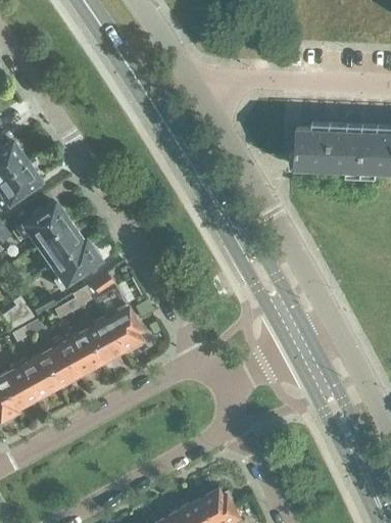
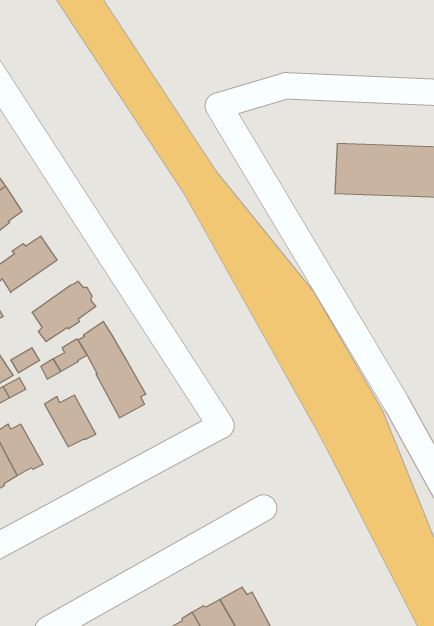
building: [34,222,84,267] -> none
building: [77,310,120,364] -> none
building: [40,339,79,388] -> none

